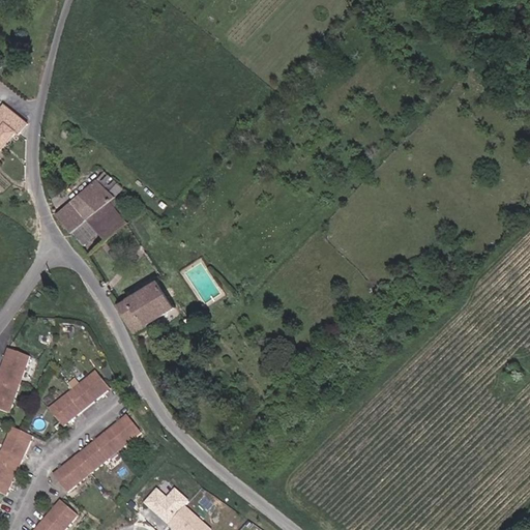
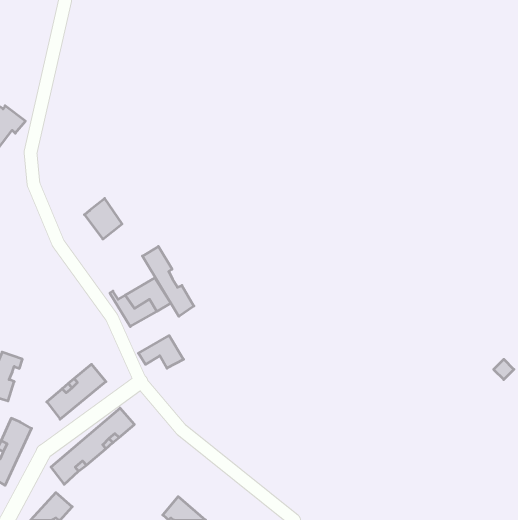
building: [77,179,114,214] -> none
building: [53,204,84,233] -> none
building: none -> [142,246,194,316]
building: none -> [138,336,184,368]
building: [142,489,185,524] -> none

